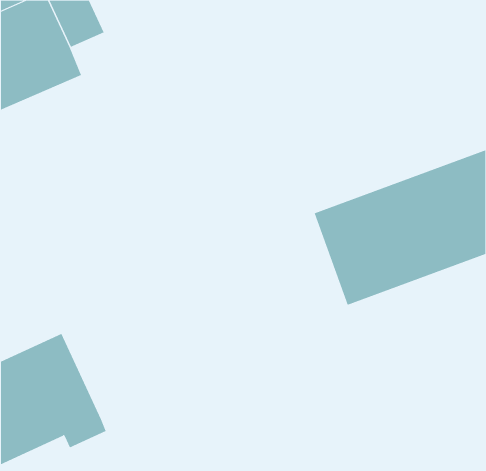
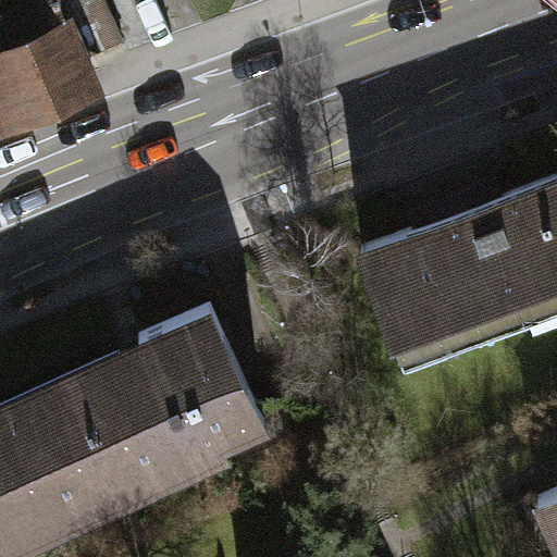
building: none -> [71,312,261,497]

